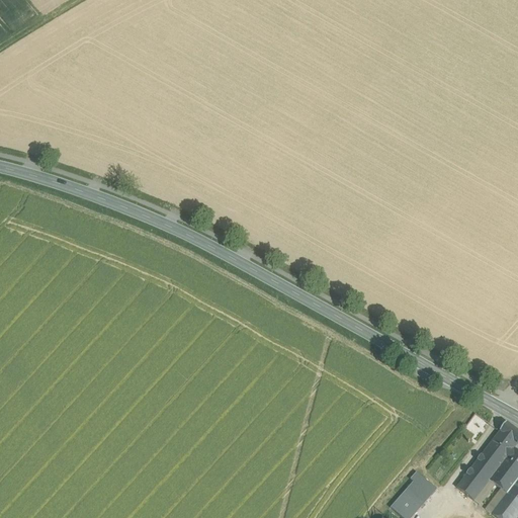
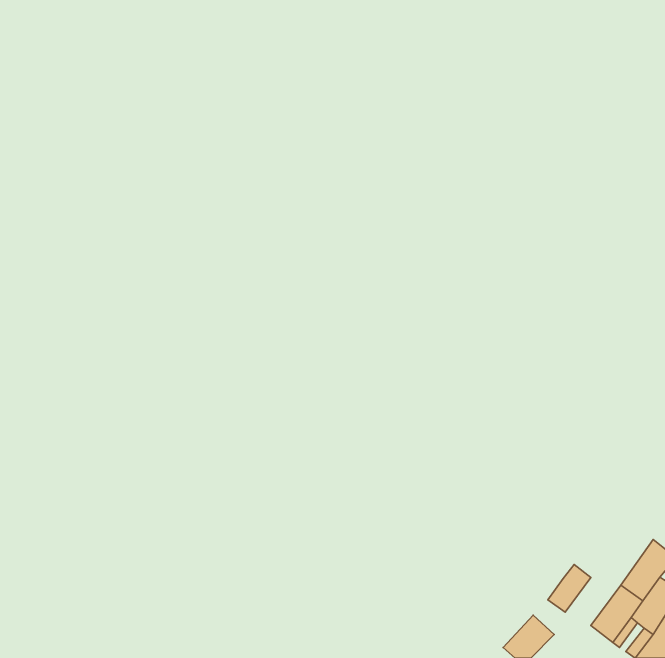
building: none -> [548,565,591,612]

